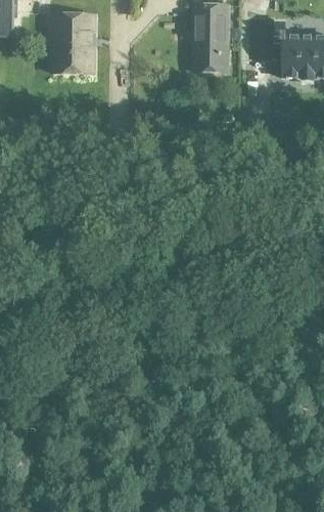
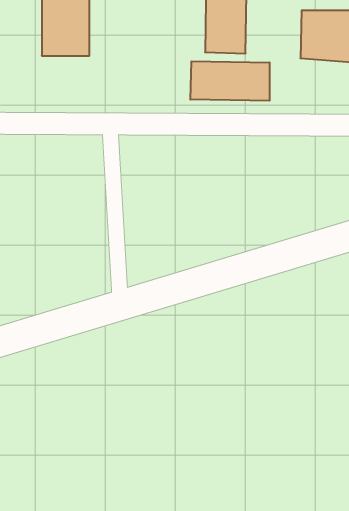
building: none -> [190,61,270,101]

